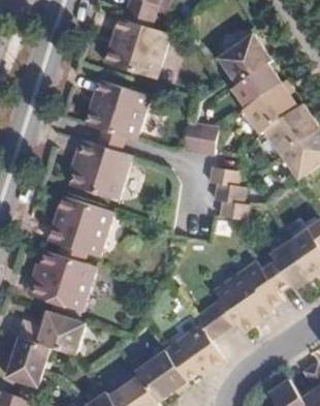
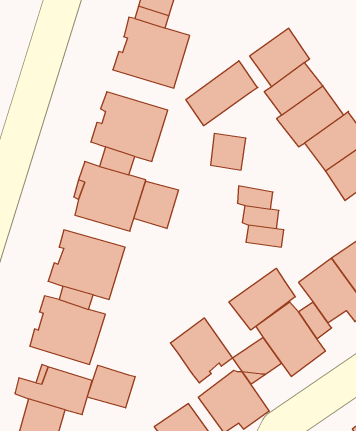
building: none -> [186,61,258,126]
building: none -> [134,181,178,229]
building: none -> [229,268,295,330]
building: none -> [170,318,233,383]
building: none -> [87,365,135,408]

